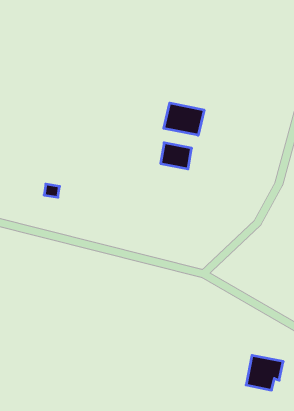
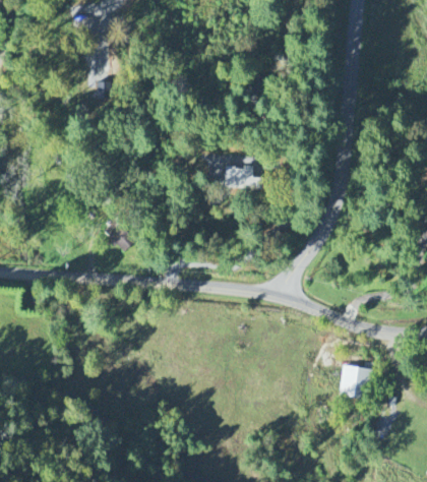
building: [164,103,204,135] -> none

